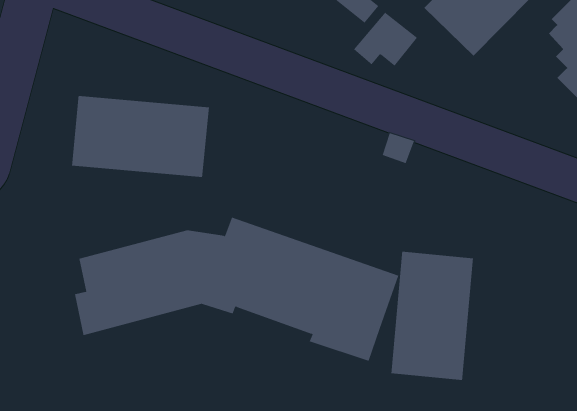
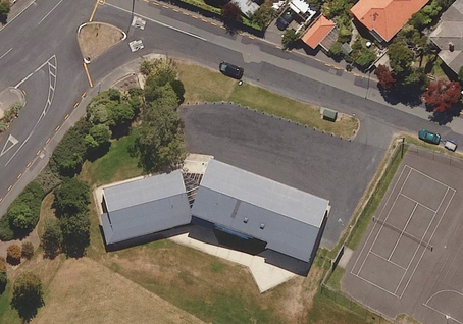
building: [71,95,209,178] -> none
building: [391,251,474,381] -> none

